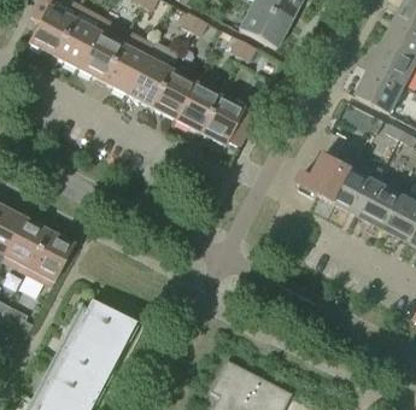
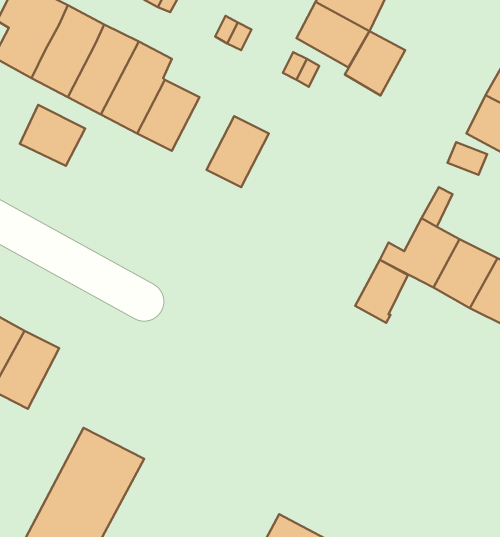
building: none -> [345,31,405,96]
building: [152,70,195,121] -> none
building: none -> [20,105,85,166]
building: [200,95,254,147] -> none
building: none -> [355,260,408,323]

